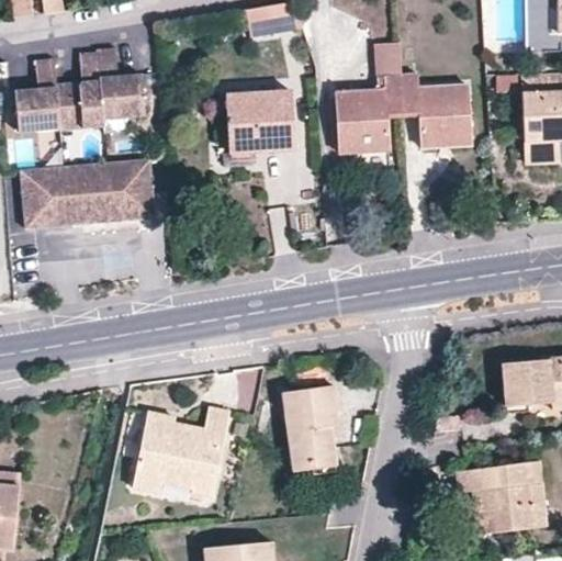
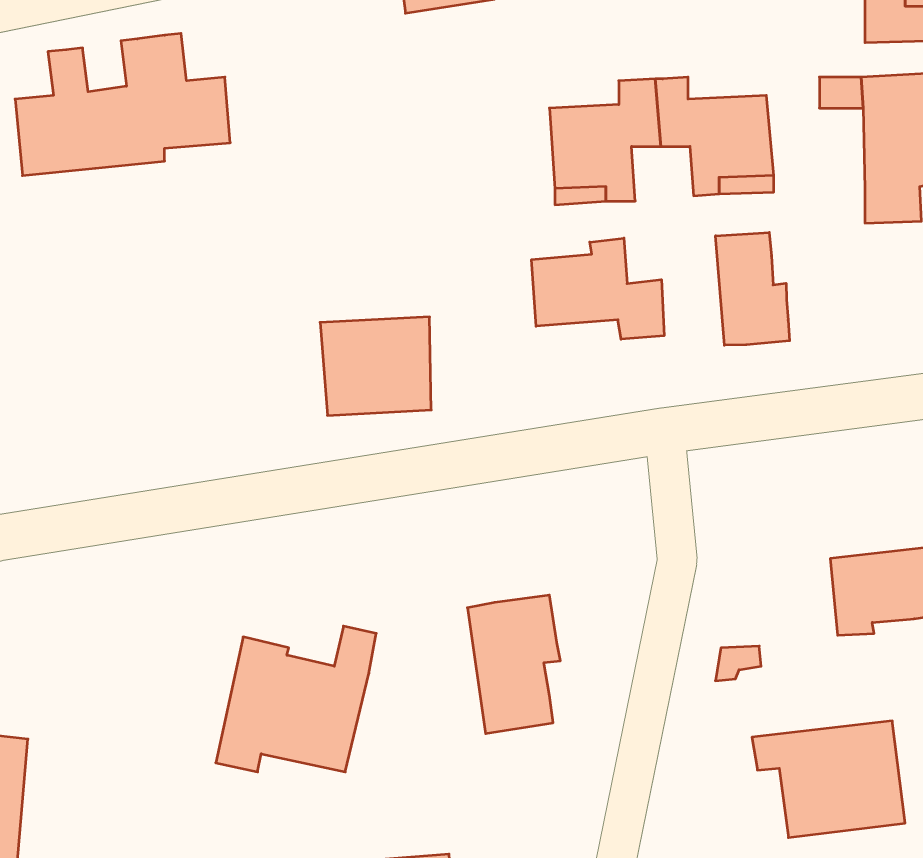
building: [374,41,402,77] -> none
building: [225,92,292,152] -> [320,317,431,415]
building: [19,158,154,229] -> none
building: none -> [716,232,790,345]
building: none -> [532,238,664,339]

